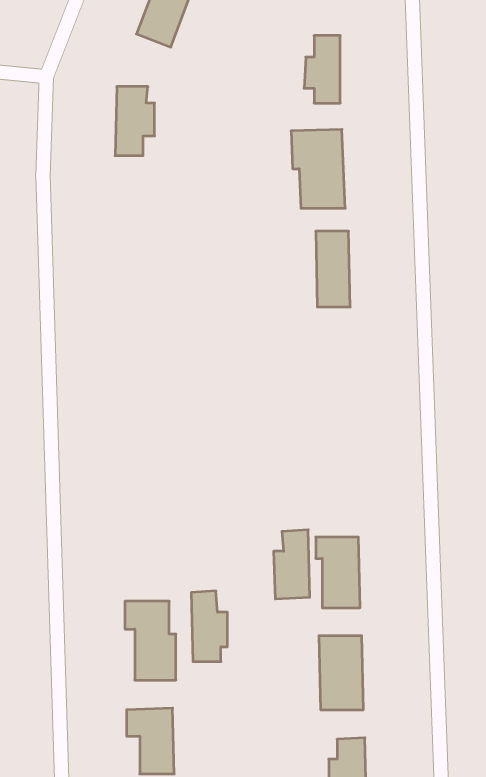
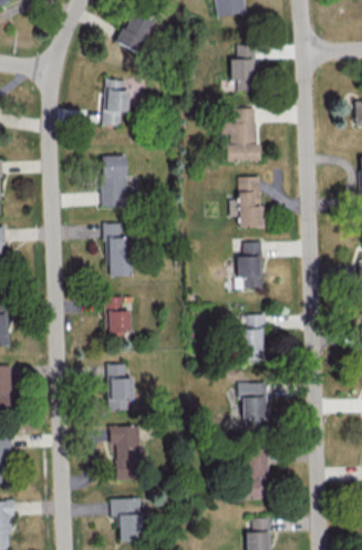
building: none -> [101,156,127,207]
building: none -> [103,222,132,277]
building: none -> [236,242,262,289]
building: none -> [105,297,130,341]
building: [274,530,310,599] -> [240,314,265,361]
building: [191,591,227,662] -> [108,364,133,412]

